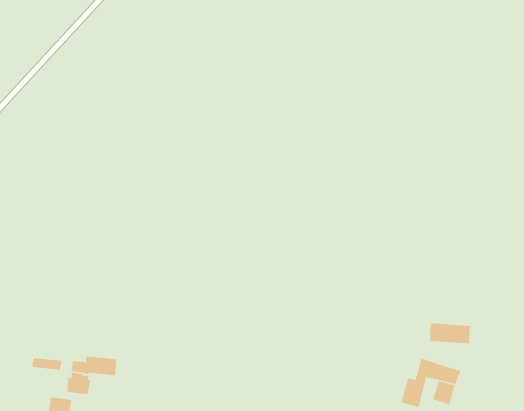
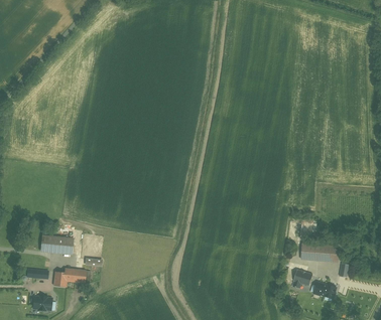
building: none -> [41,235,74,254]

